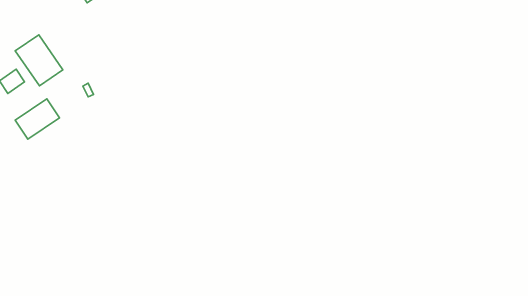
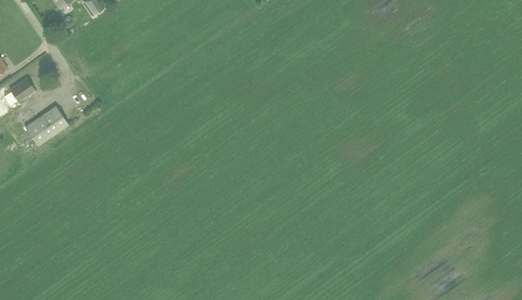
building: [15,35,63,86] -> none

